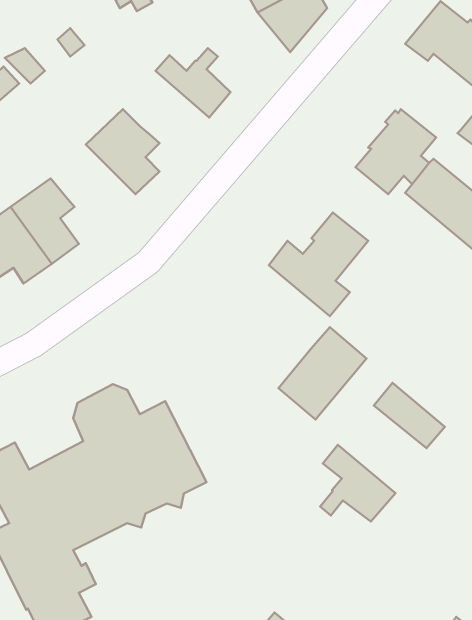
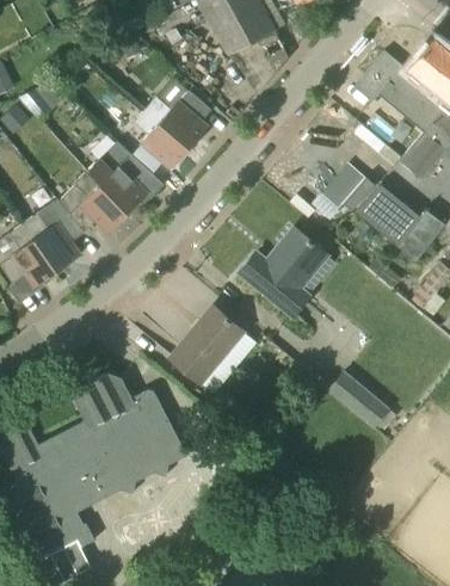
building: none -> [131,109,190,169]
building: none -> [57,171,128,233]
building: [279,327,367,419] -> [169,306,244,383]
building: [320,445,395,522] -> none

